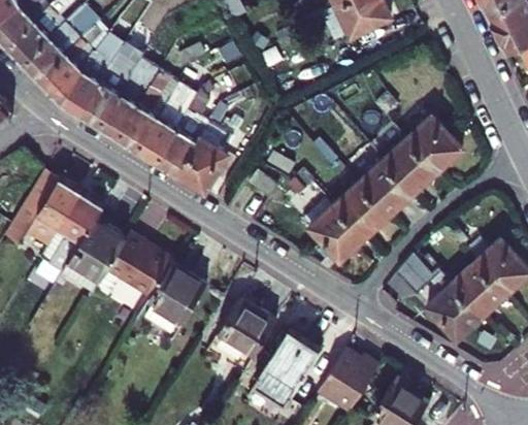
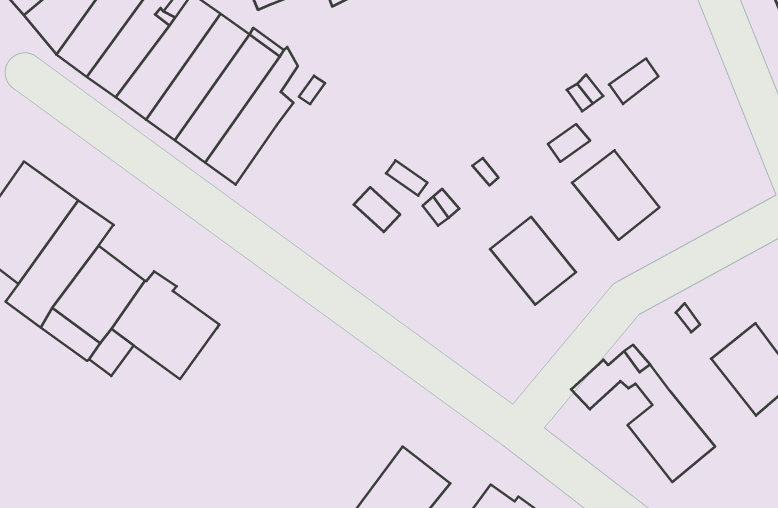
building: [406,117,461,172] -> none
building: [175,138,228,194] -> none
building: [358,161,412,216] -> none
building: [302,199,364,261] -> none
building: [451,263,504,317] -> none
building: [144,265,205,333] -> none
building: [218,300,274,357] -> none

